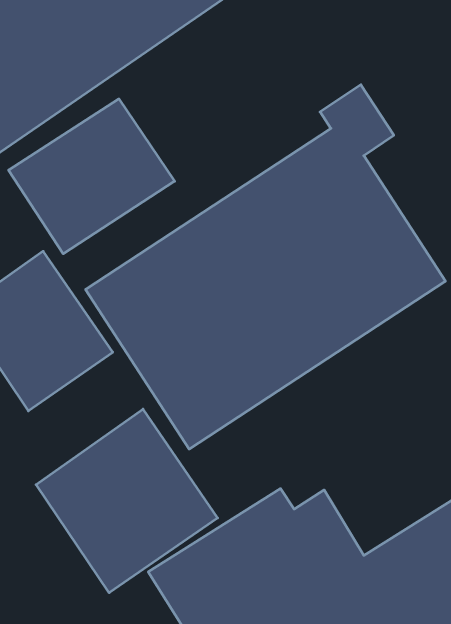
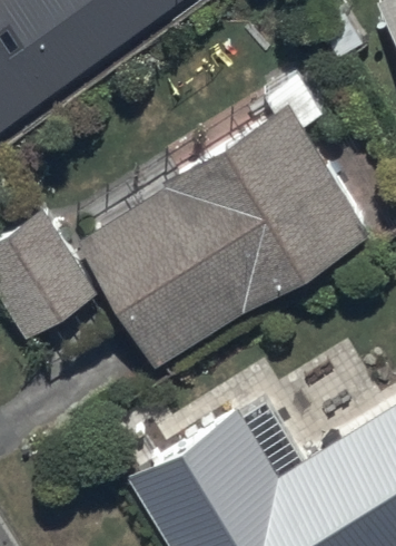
building: [9,99,175,254] -> none
building: [36,409,218,593] -> none

